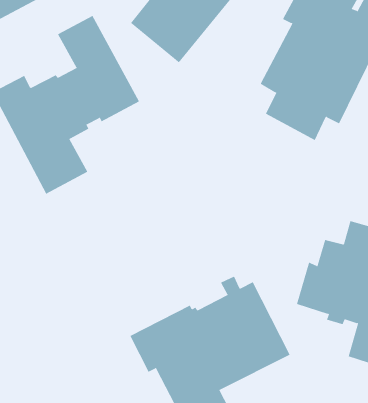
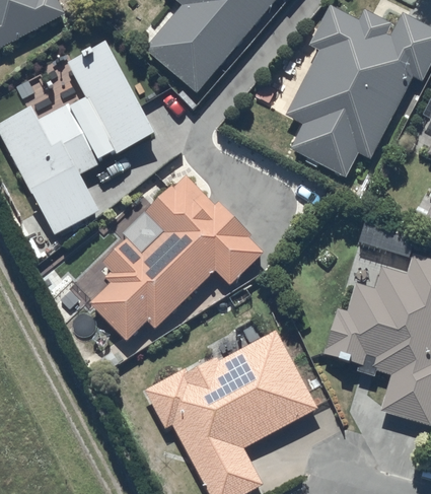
building: none -> [88,174,263,341]

